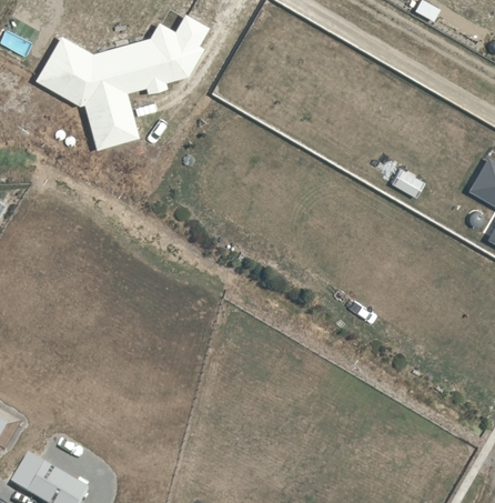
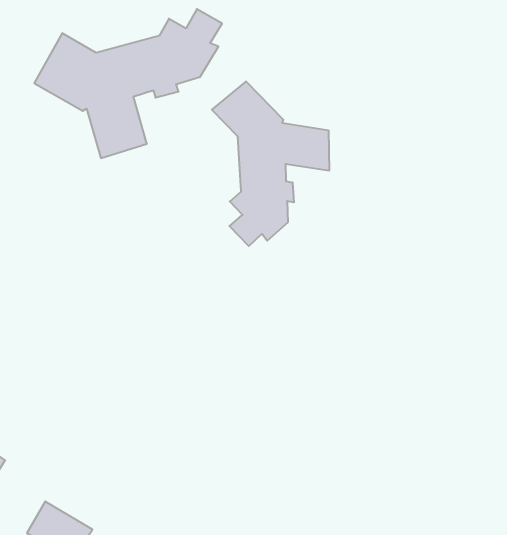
building: none -> [212,81,329,246]

